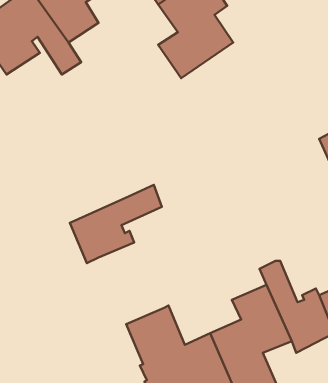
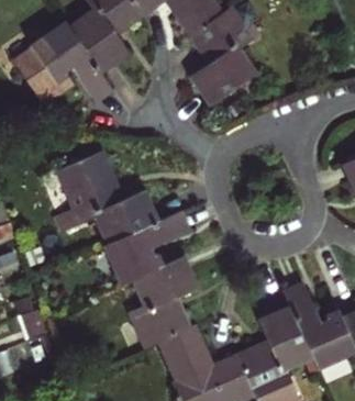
building: none -> [55,149,158,244]
building: none -> [126,254,199,348]

